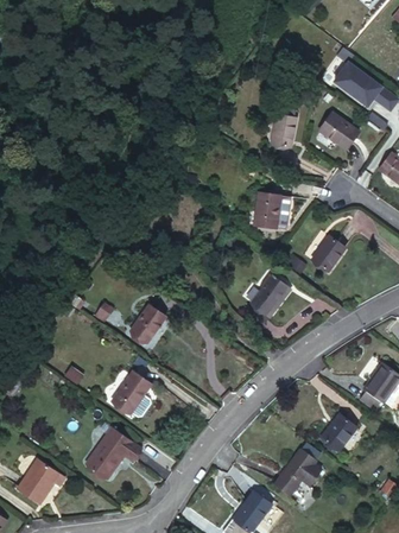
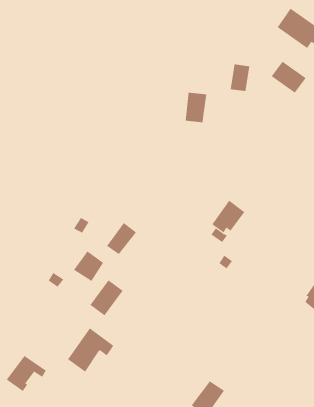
building: [252,192,278,228] -> [185,92,207,123]
building: [309,236,343,272] -> none
building: none -> [73,250,104,282]
building: [322,411,357,448] -> none
building: [272,446,322,494] -> none

